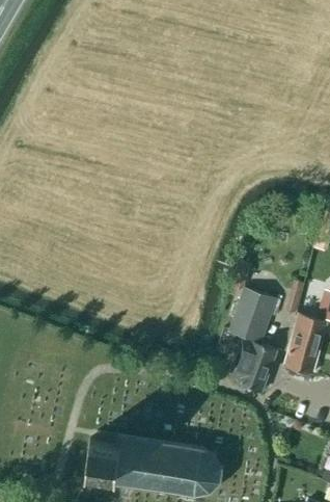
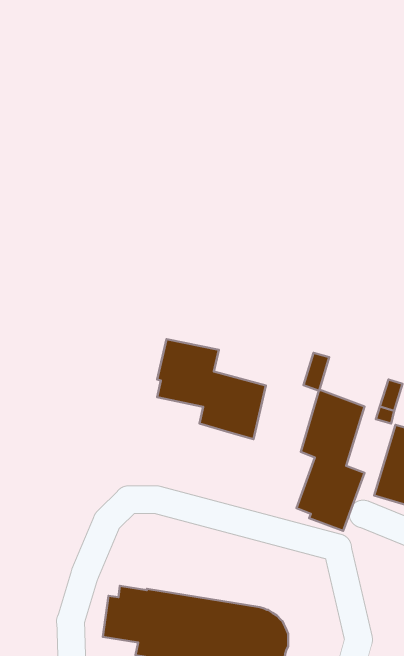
building: none -> [157,339,266,439]

